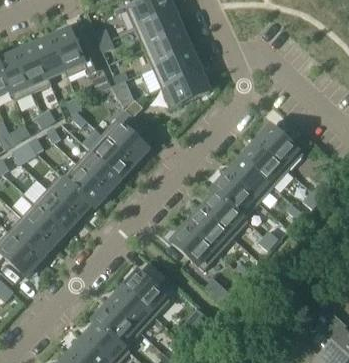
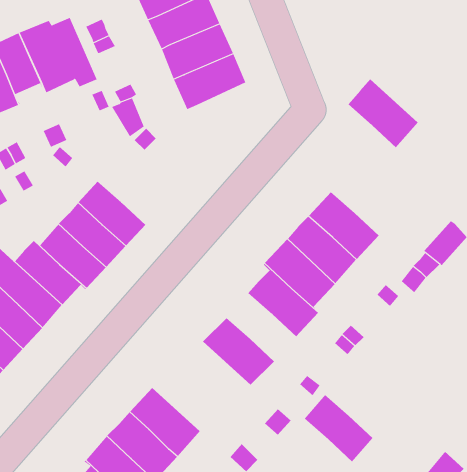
building: [160,70,208,108] -> none
building: [101,110,147,164] -> none
building: [255,125,302,171] -> [347,78,419,148]
building: [186,209,232,254] -> [304,394,373,462]

